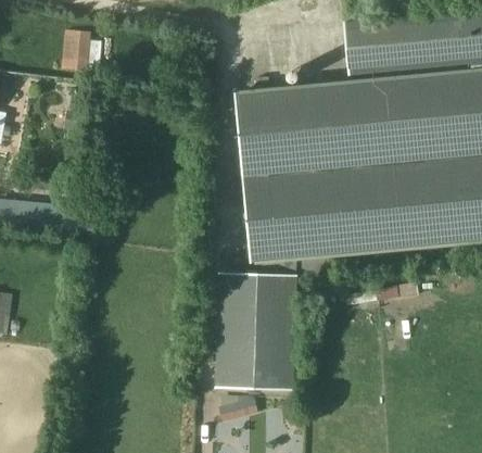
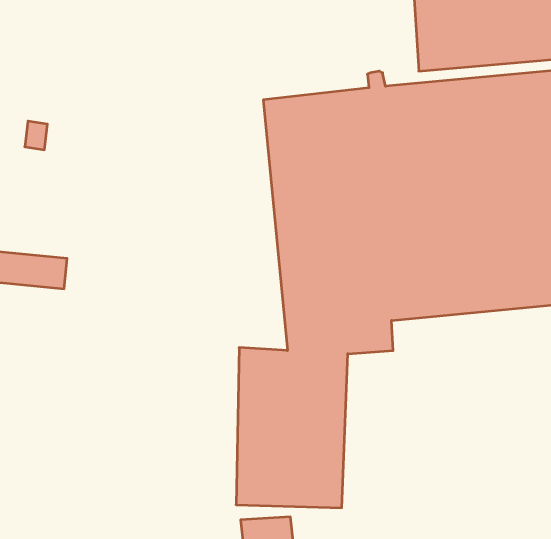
building: [60,32,100,72] -> none

